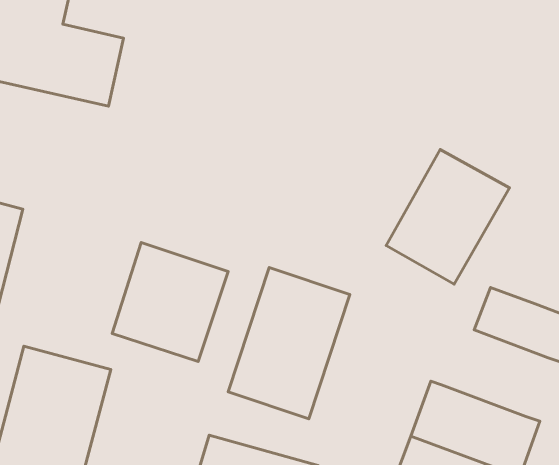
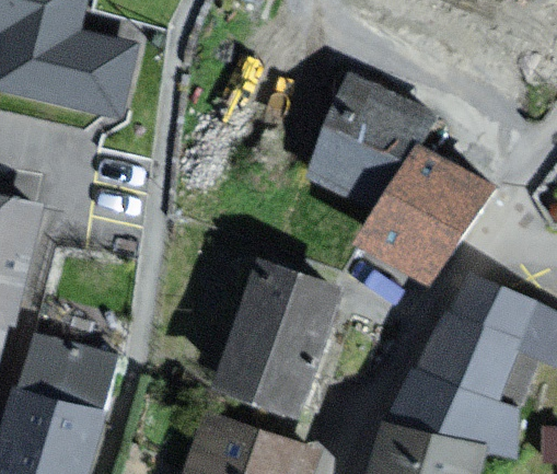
building: none -> [310,78,426,204]
building: [112,243,228,362] -> none
building: none -> [422,317,522,402]

